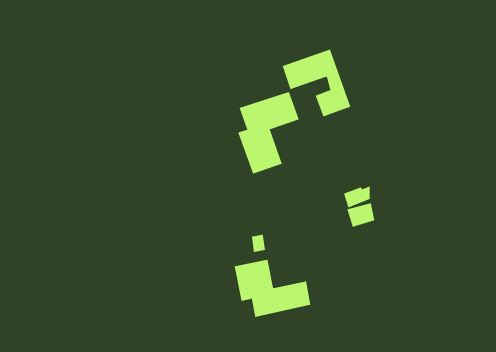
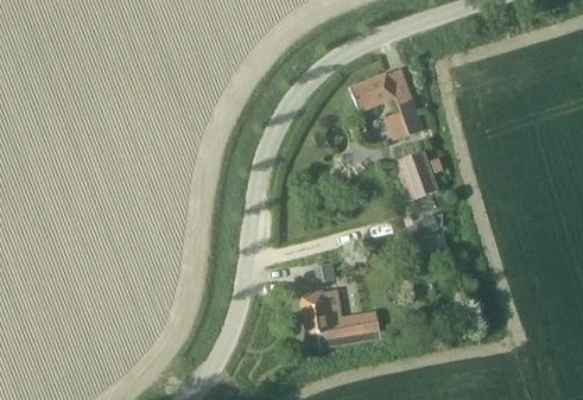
building: [238,91,299,175] -> none
building: none -> [397,150,438,199]

